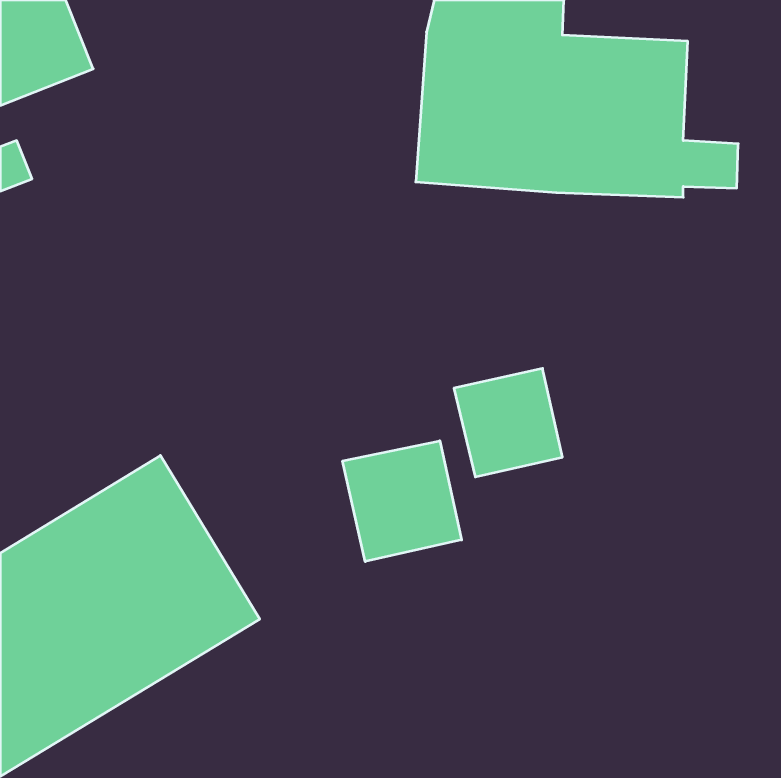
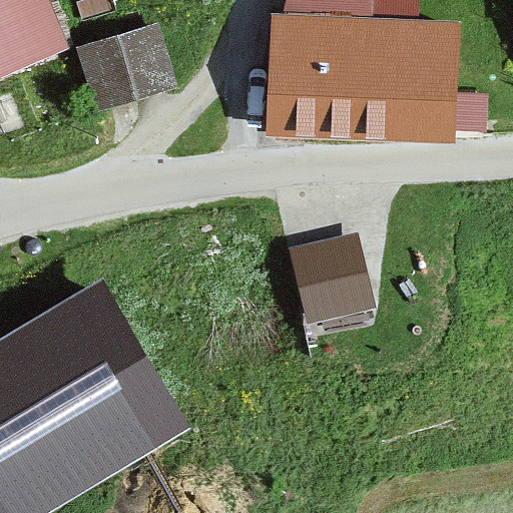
building: none -> [85,30,169,105]
building: [343,441,462,562] -> none

